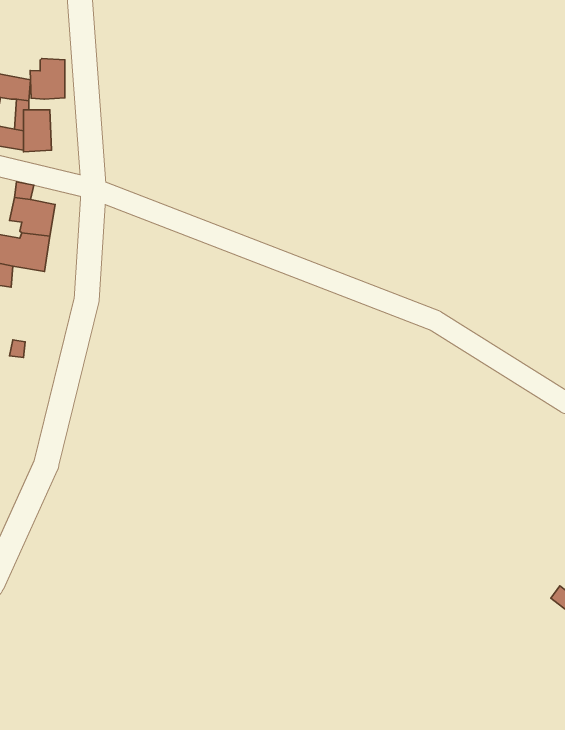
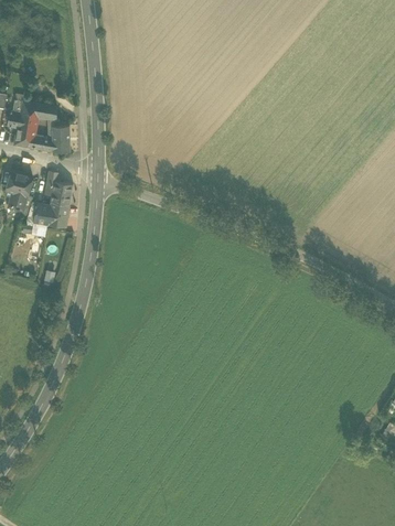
building: [30,58,65,99] -> none

